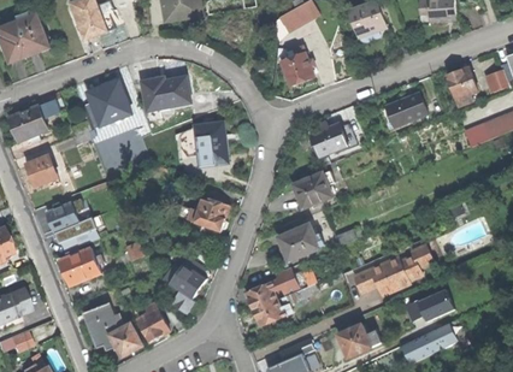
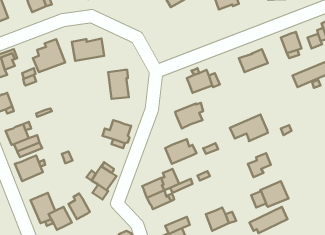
building: [281,46,313,85] -> none
building: [353,256,408,295] -> [230,115,268,141]

